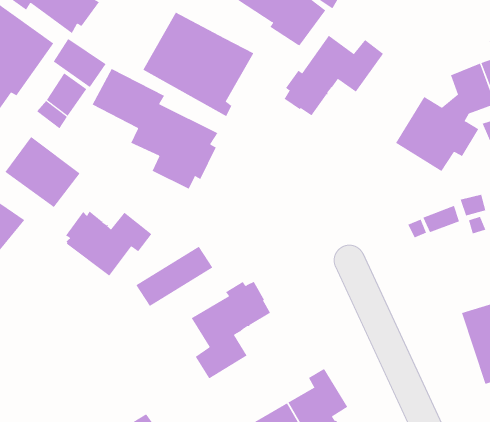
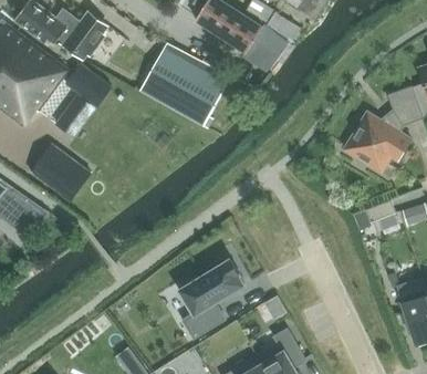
building: [284,35,384,116] -> none
building: [92,68,218,190] -> none
building: [65,211,152,276] -> none
building: [136,246,213,307] -> none

